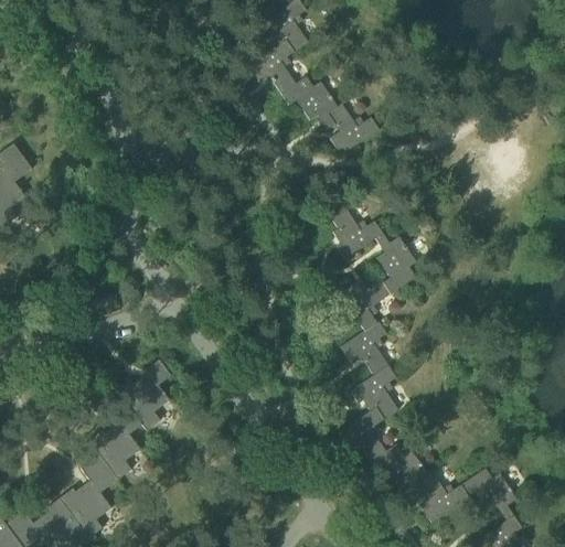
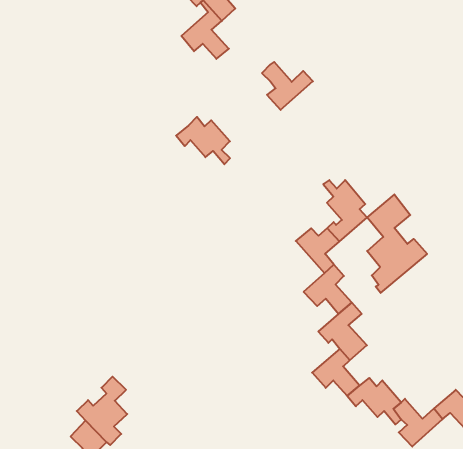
building: [281,76,337,129] -> [176,117,230,164]
building: [330,206,382,258] -> none
building: none -> [367,194,427,293]
building: [117,358,171,430] -> none

